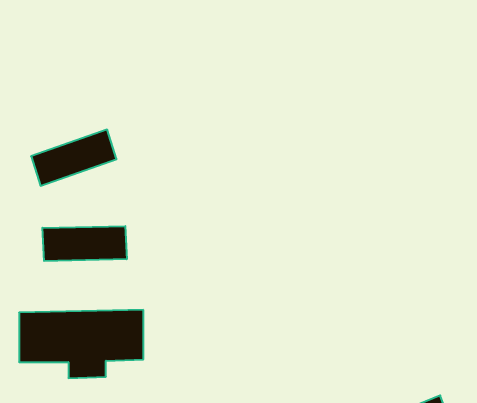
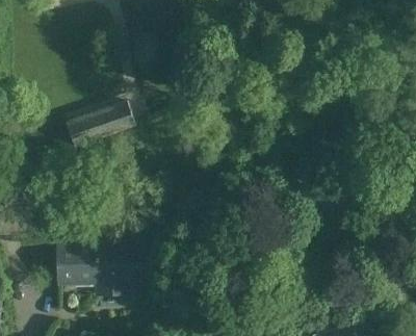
building: [42,226,127,261] -> none

